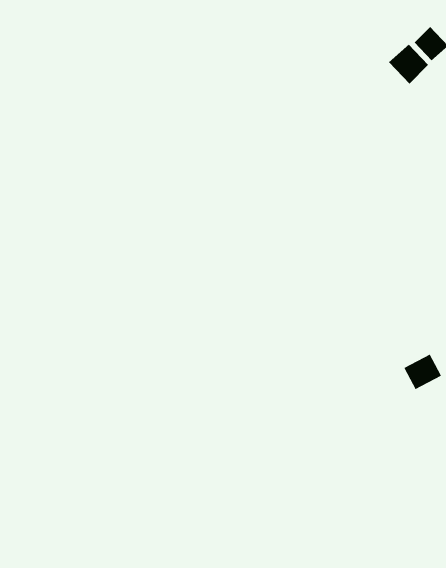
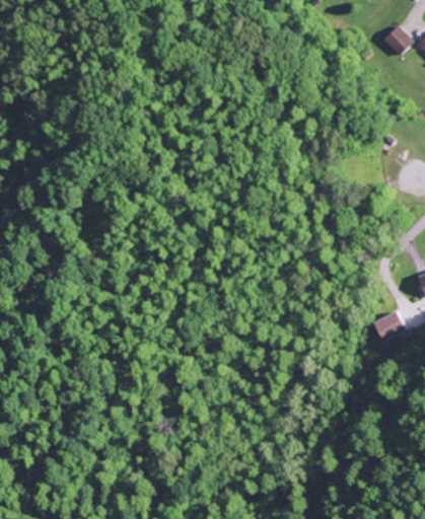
building: [388,44,429,85] -> none

